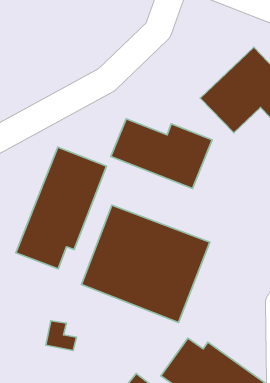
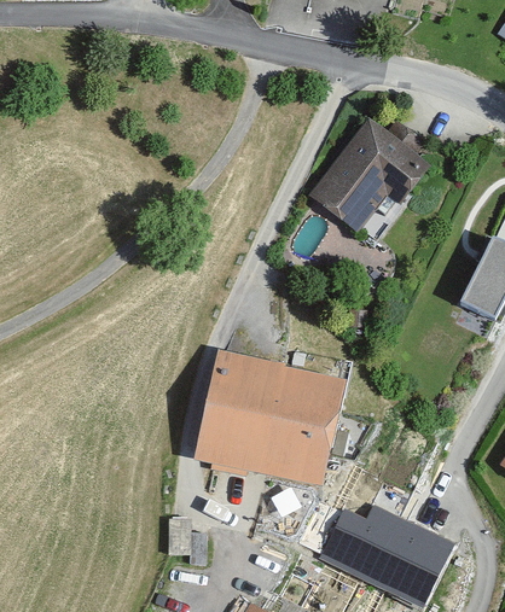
building: [111,119,212,189] -> none
building: [16,147,106,269] -> none

